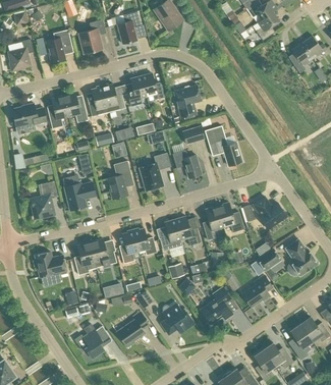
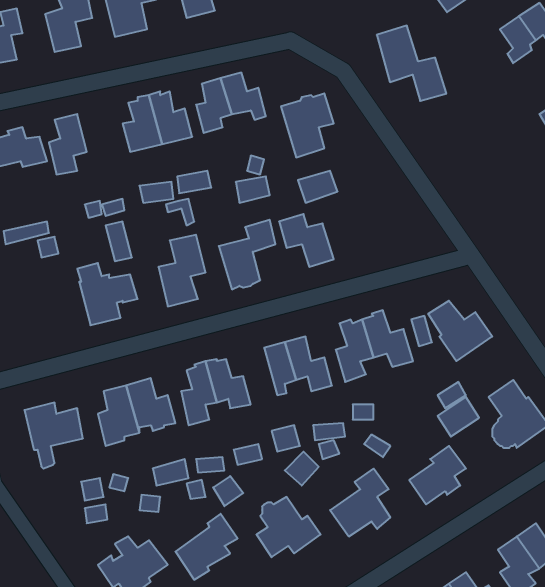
building: [63,94,88,122] -> none
building: [205,125,242,166] -> [377,26,446,101]
building: [31,181,57,218] -> none

